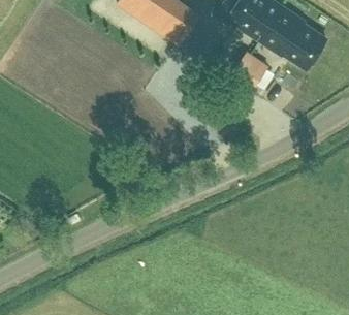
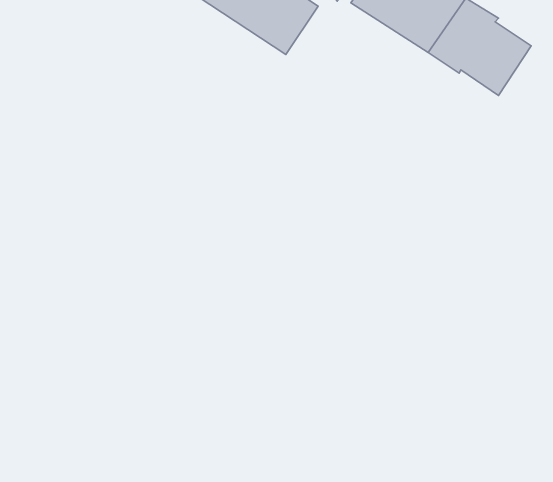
building: [235,54,268,86] -> none

